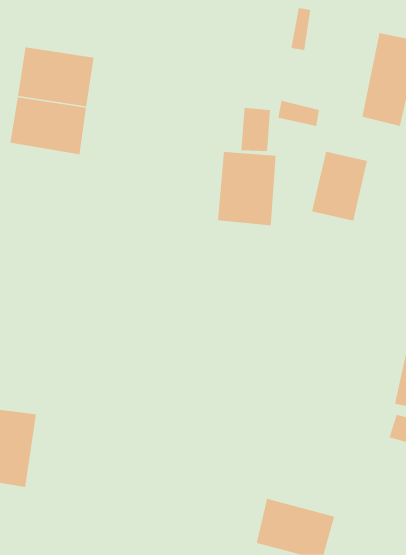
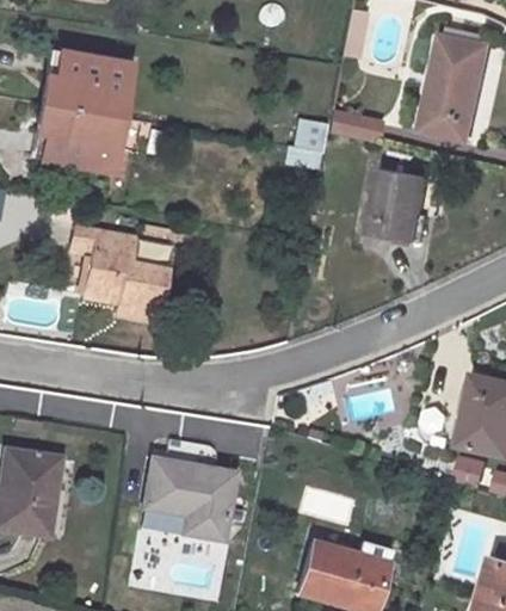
building: [217,151,276,226] -> none
building: none -> [72,226,178,322]
building: none -> [150,457,241,538]

